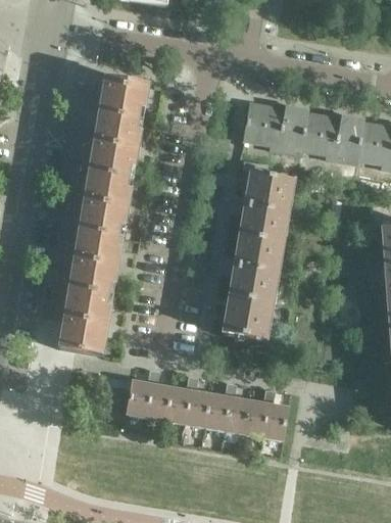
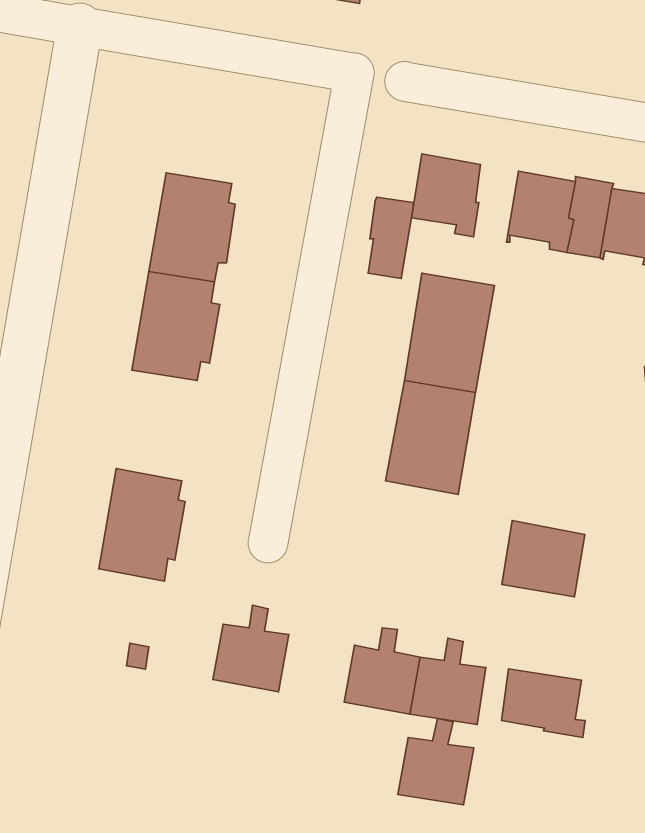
building: [99,78,148,120] -> none
building: [281,106,307,154] -> [368,197,413,279]
building: [69,230,120,295] -> none
building: [223,295,272,340] -> [502,521,585,597]
building: [165,375,210,426] -> [398,718,474,805]
building: none -> [502,669,585,737]

